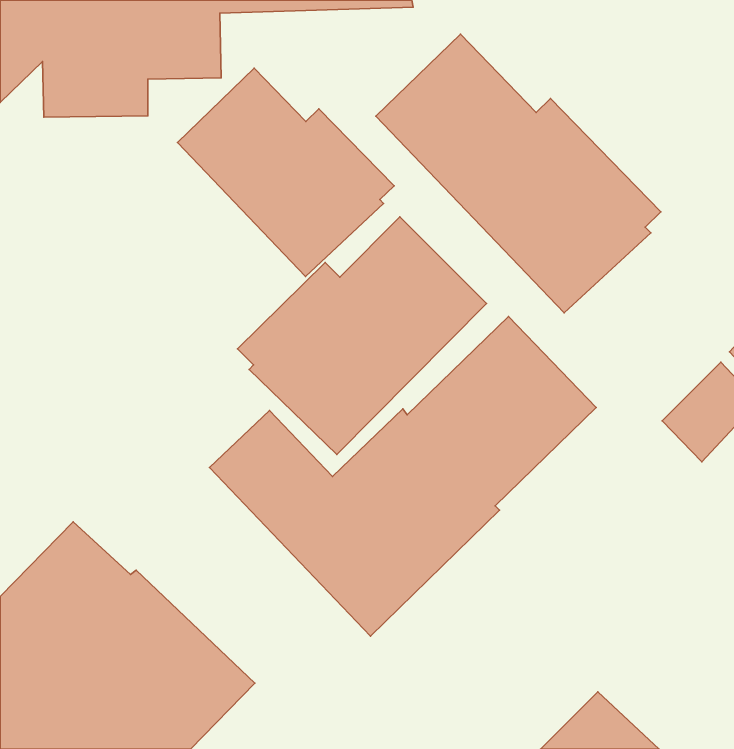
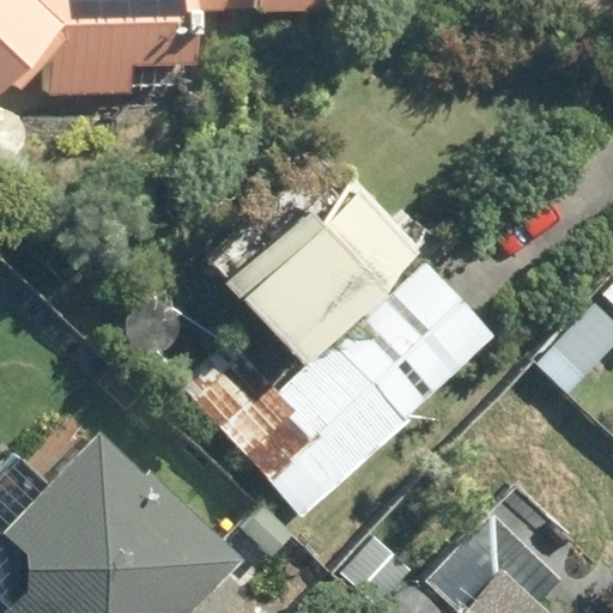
building: [376,34,661,313] -> none
building: [177,68,394,276] -> none

